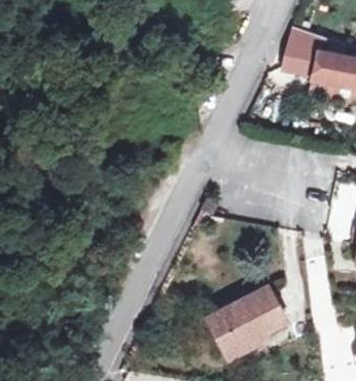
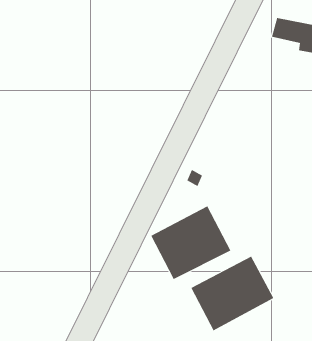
building: none -> [150,206,231,280]

